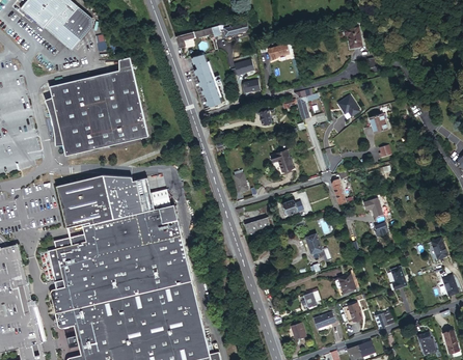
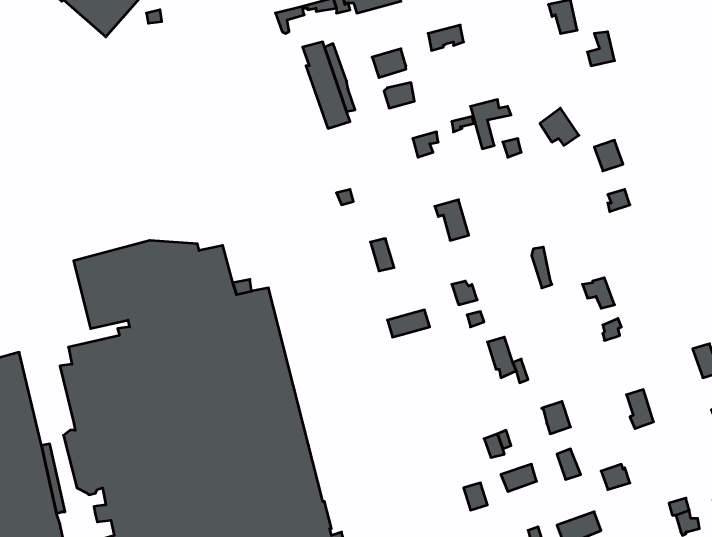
building: [46,58,148,156] -> none

